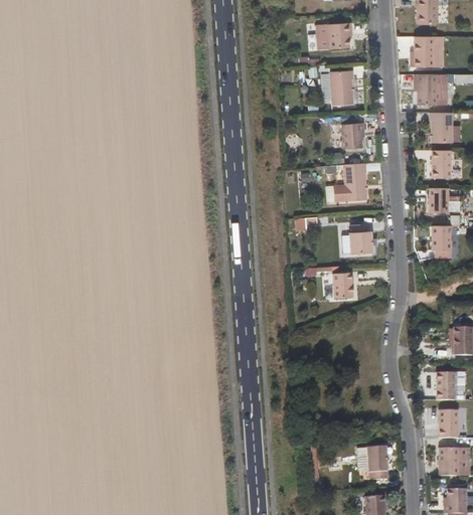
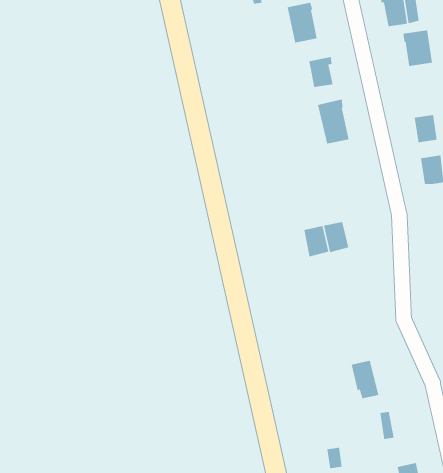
building: [432,150,451,177] -> none
building: [351,224,371,253] -> none
building: [367,448,388,481] -> [351,360,379,399]

